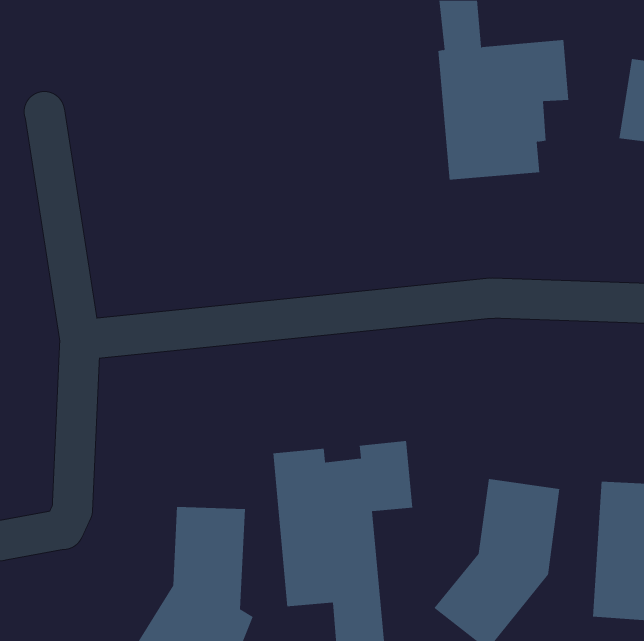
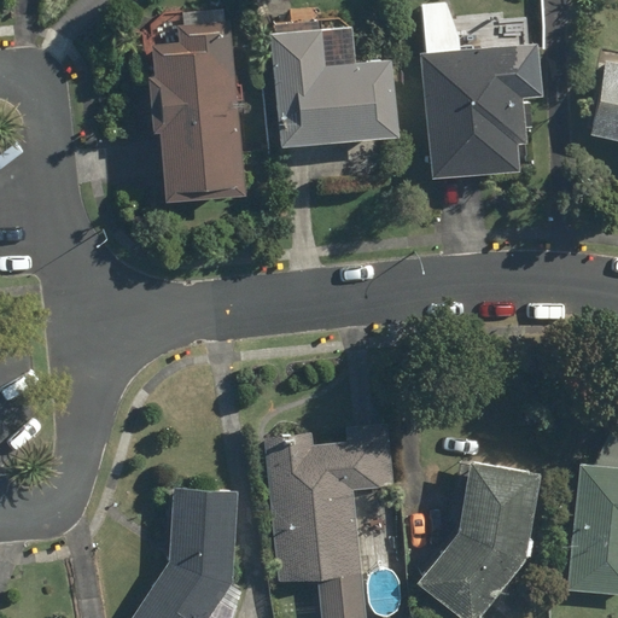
building: none -> [146,16,240,200]
building: none -> [268,27,400,147]

